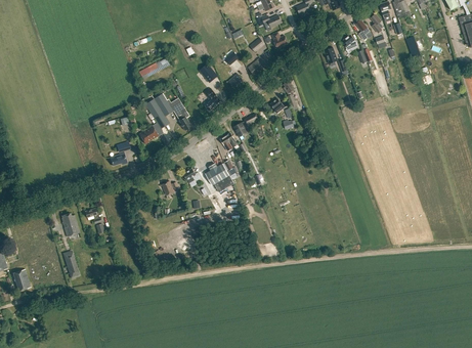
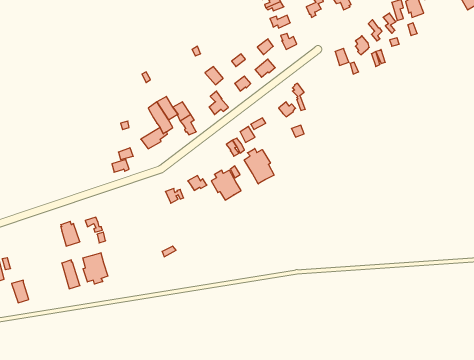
building: none -> [244,148,274,184]
building: none -> [83,253,108,284]

